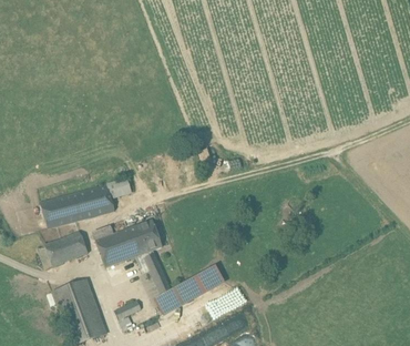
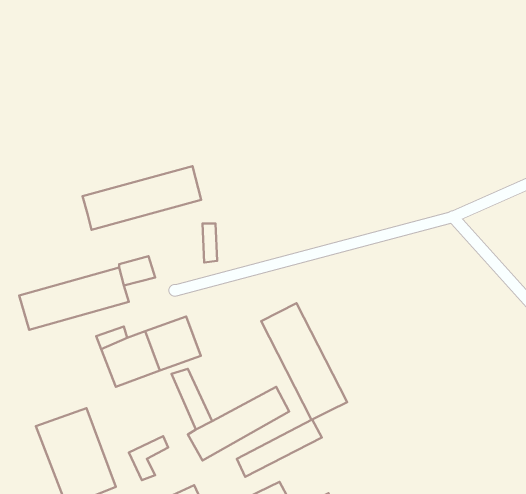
building: none -> [83,166,201,230]
building: none -> [261,303,347,420]
building: [44,231,89,266] -> none

